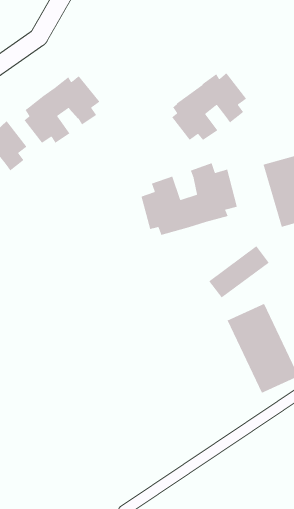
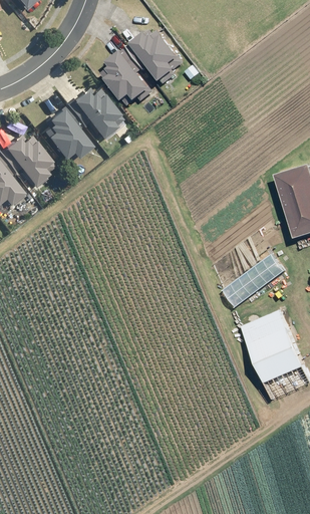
building: [171,72,247,141] -> [107,29,182,96]
building: [140,162,238,236] -> none

